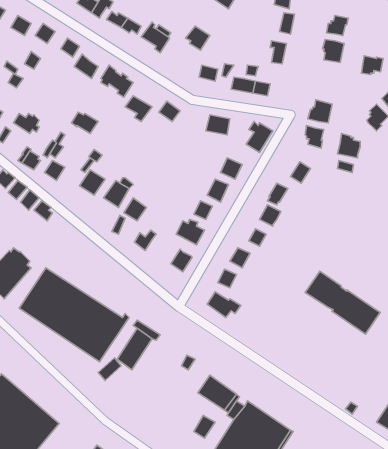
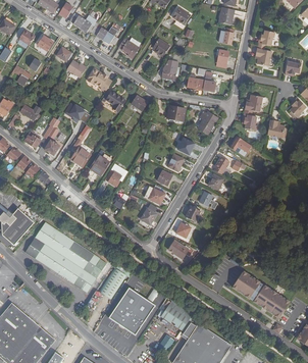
building: [305,271,380,334] -> [232,269,289,317]
building: none -> [109,287,154,332]

